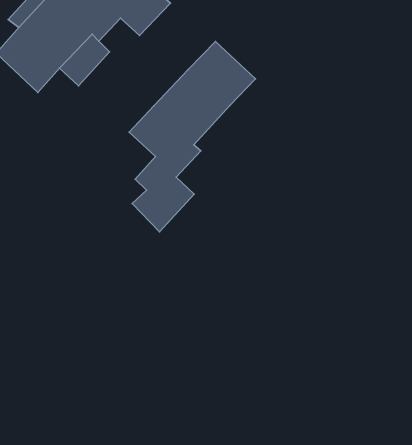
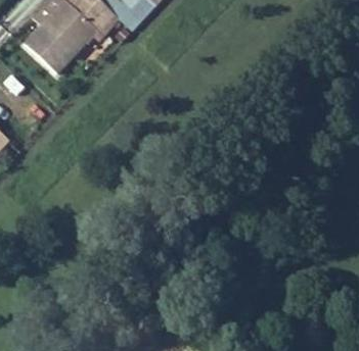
building: [129,41,256,232] -> none

